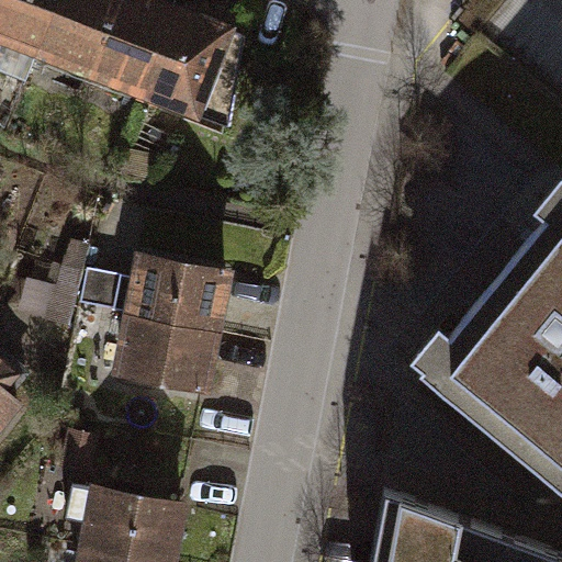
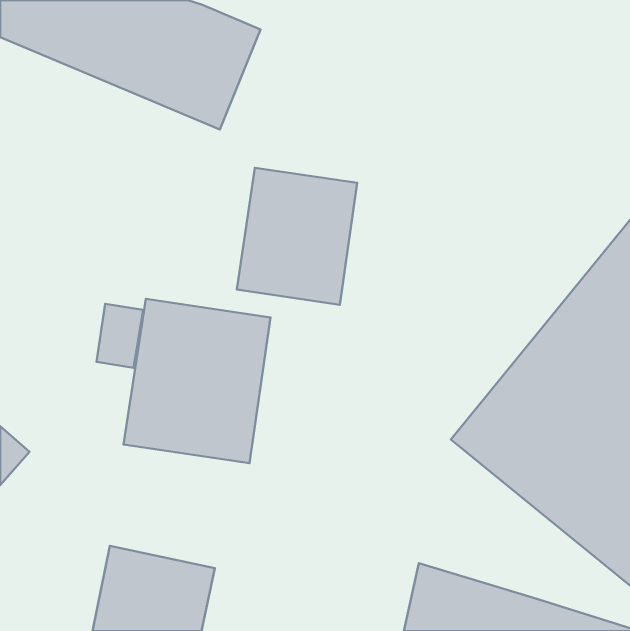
building: none -> [237,168,357,305]

